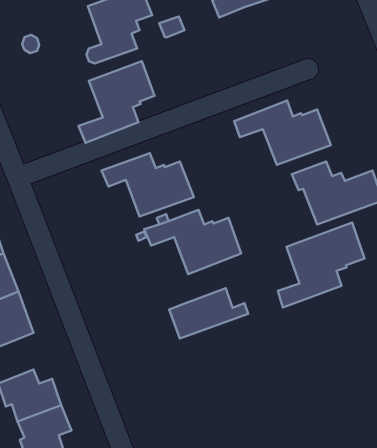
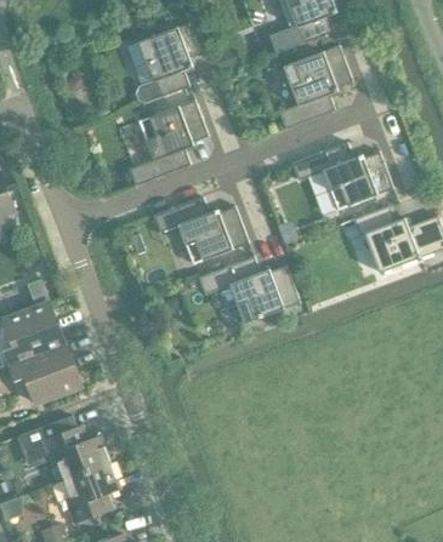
building: none -> [277,46,351,130]
building: [278,223,364,308] -> none
building: [169,288,248,338] -> none

